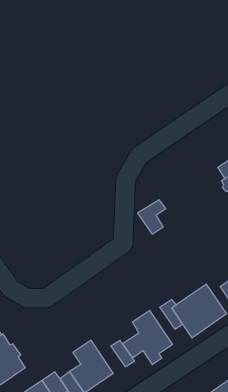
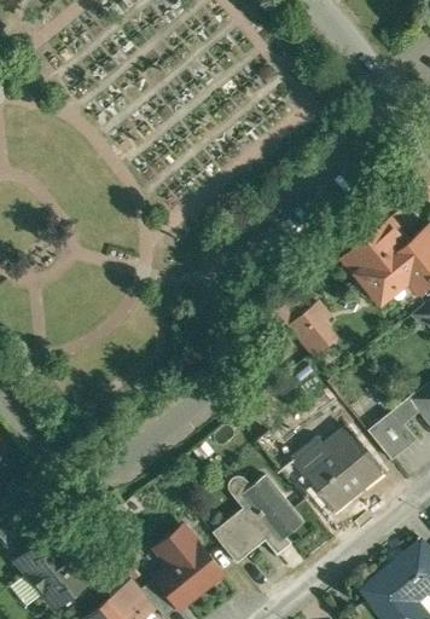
building: [138,200,166,234] -> [287,305,329,357]

